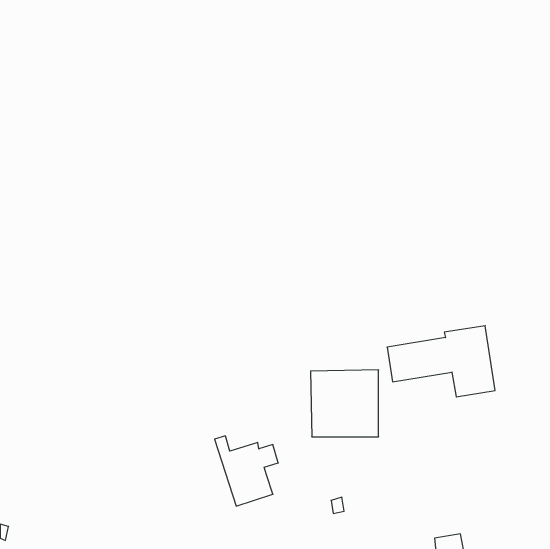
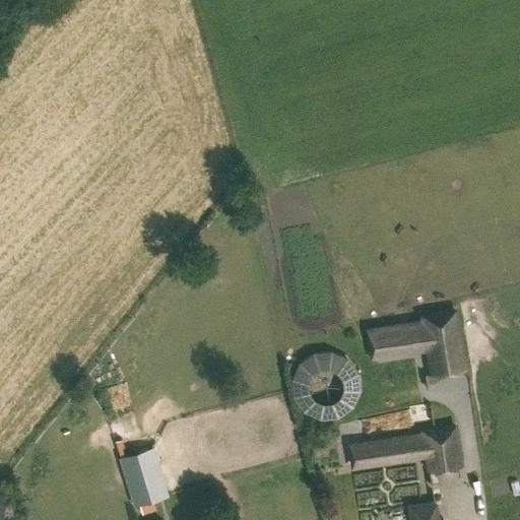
building: [215,436,278,506] -> [114,441,174,507]
building: none -> [350,429,462,472]

